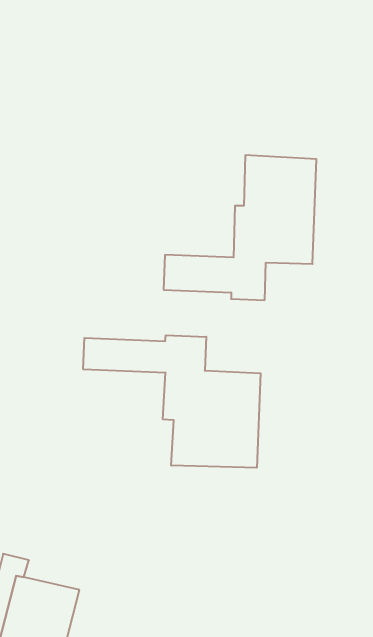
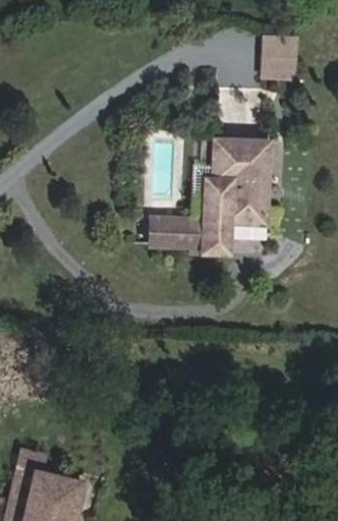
building: none -> [265,36,296,77]
building: [83,335,261,468] -> none

